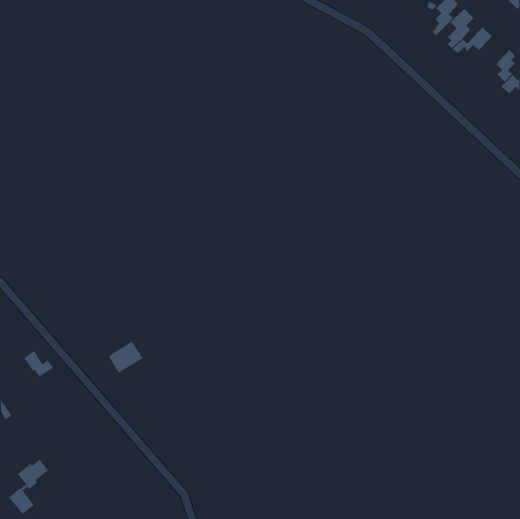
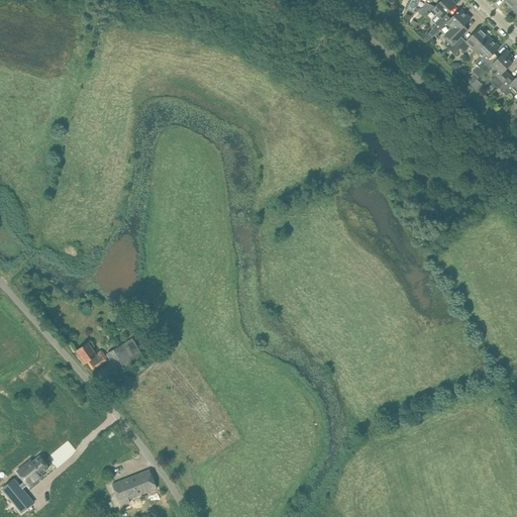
building: none -> [473,36,500,77]
building: [23,350,54,378] -> [77,341,107,369]
building: none -> [112,469,157,505]

